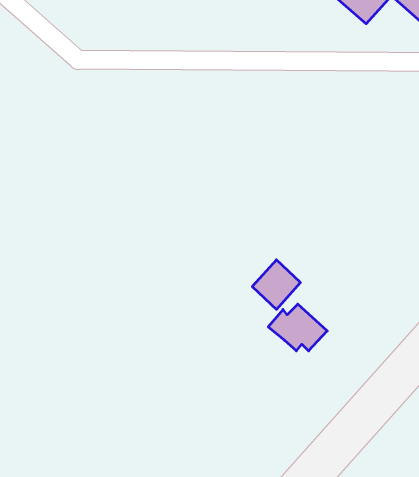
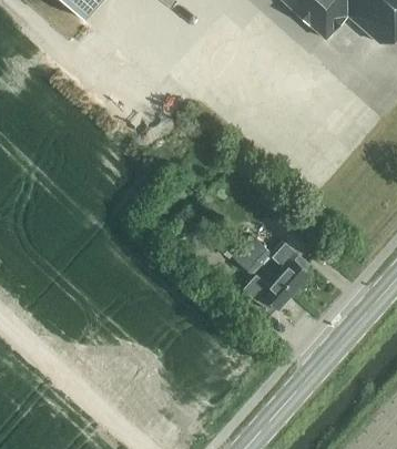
building: none -> [269,243,309,292]

